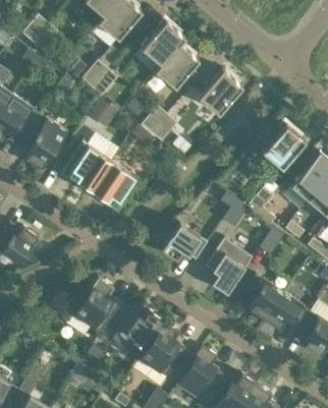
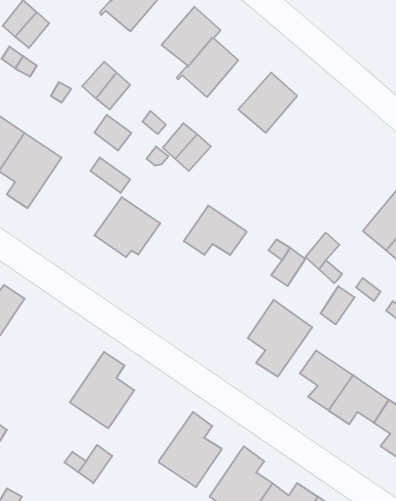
building: [261,122,305,167] -> none
building: [66,141,111,189] -> none
building: [161,223,208,259] -> [184,206,247,255]
building: [111,310,164,357] -> none

